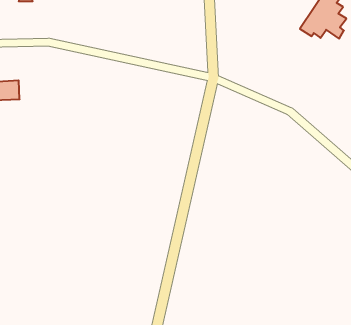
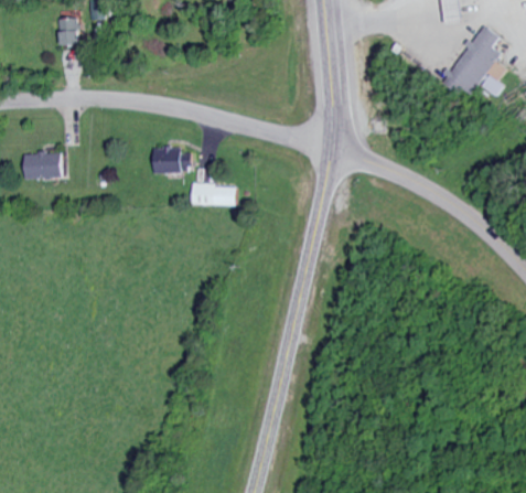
building: none -> [153,147,181,173]
building: none -> [191,184,235,205]

